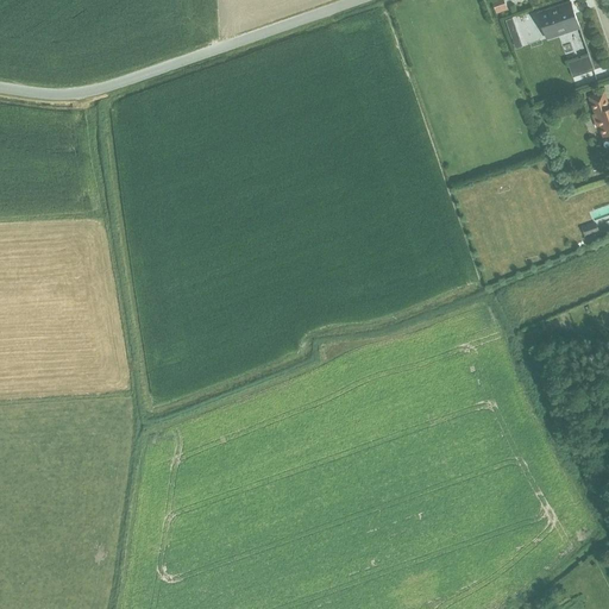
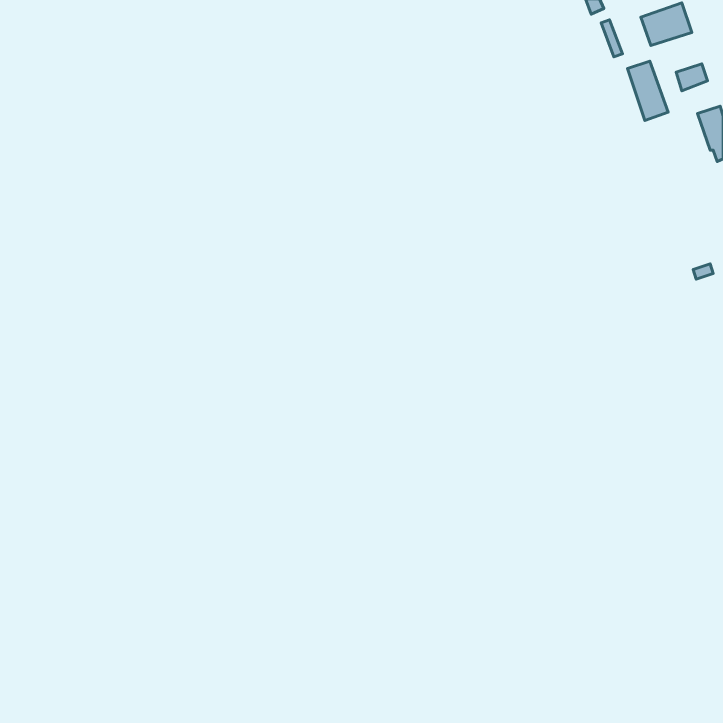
building: none -> [628,61,668,120]

